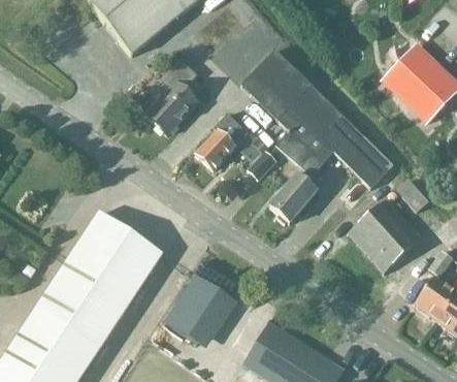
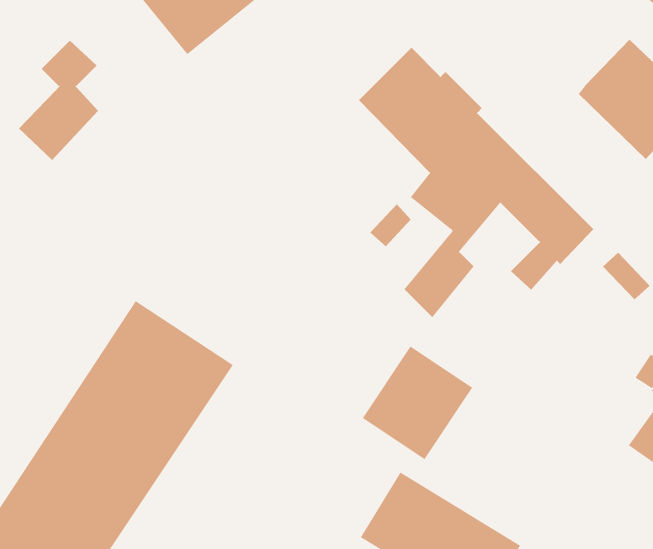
building: [143,59,195,136] -> [18,40,99,161]
building: [194,113,257,169] -> none
building: [349,197,422,270] -> none
building: [160,274,231,347] -> [362,346,473,460]

